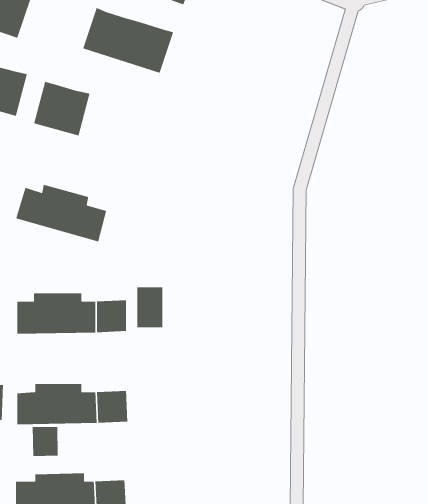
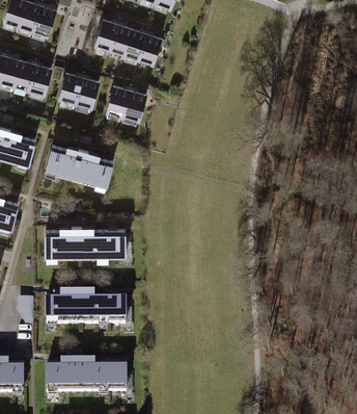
building: none -> [104,80,146,122]
building: [137,287,163,328] -> none
building: [32,426,59,457] -> none

